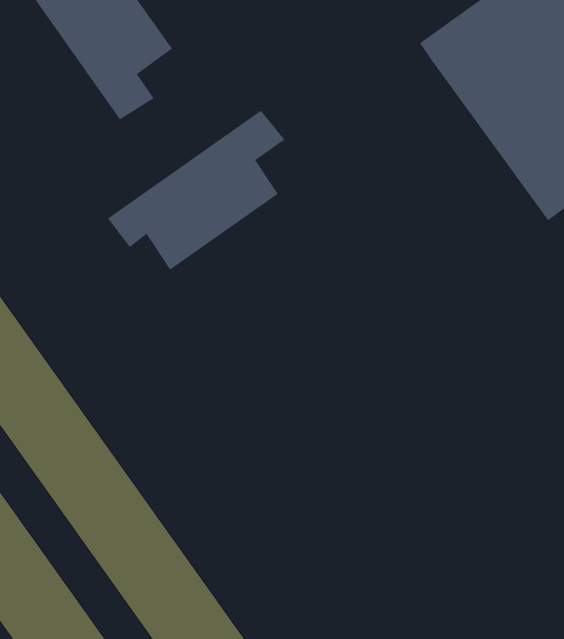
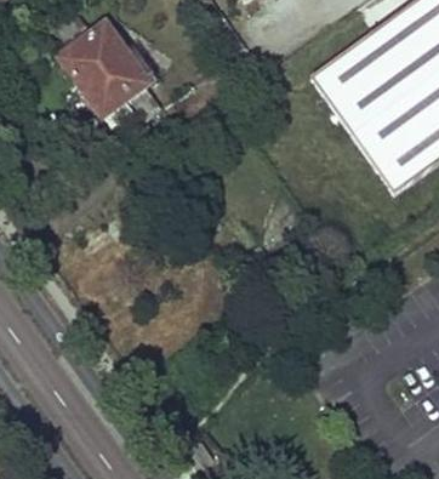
building: [107,110,285,271] -> none

